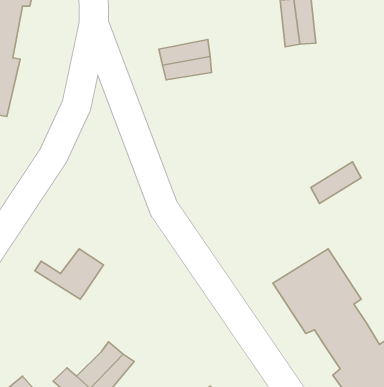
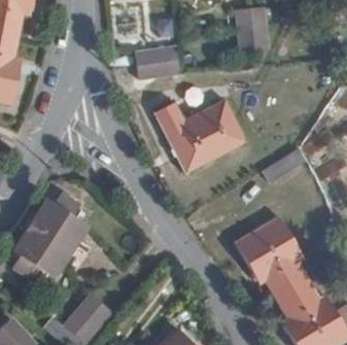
building: none -> [150,100,245,176]
building: none -> [37,196,92,238]
building: none -> [20,236,70,283]

